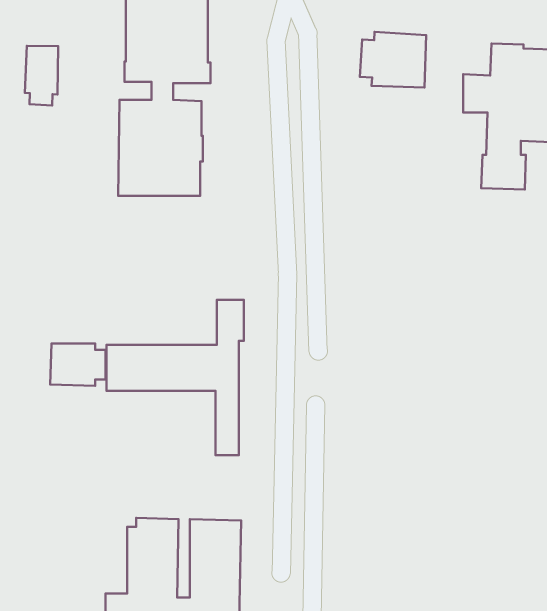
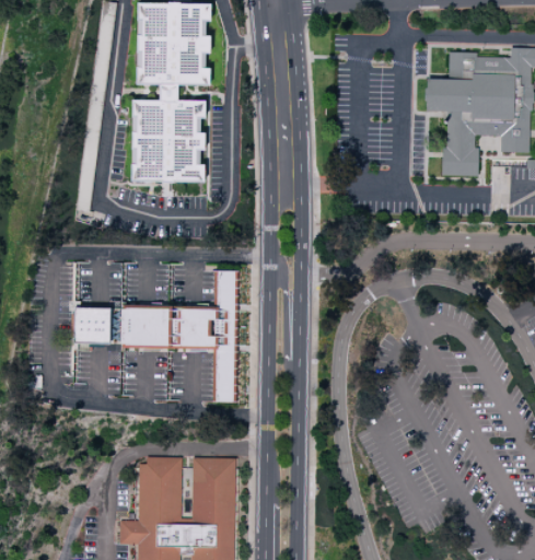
building: [360,32,426,87] -> none
building: [25,46,58,105] -> none

